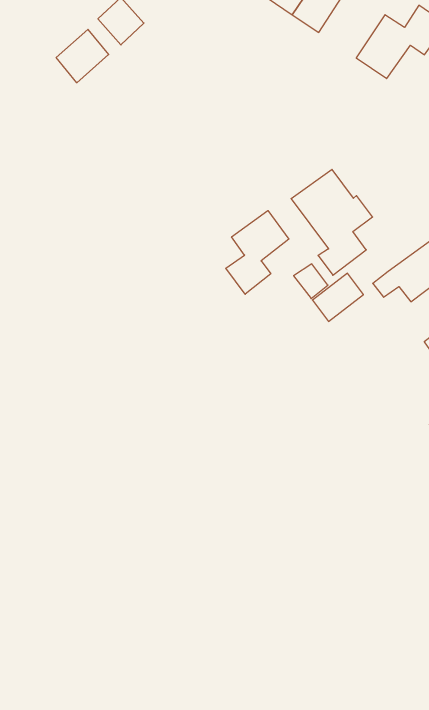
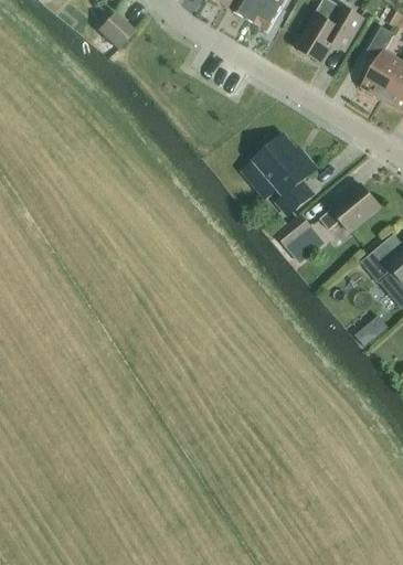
building: [56,29,109,83] -> none
building: [226,211,289,294] -> none

